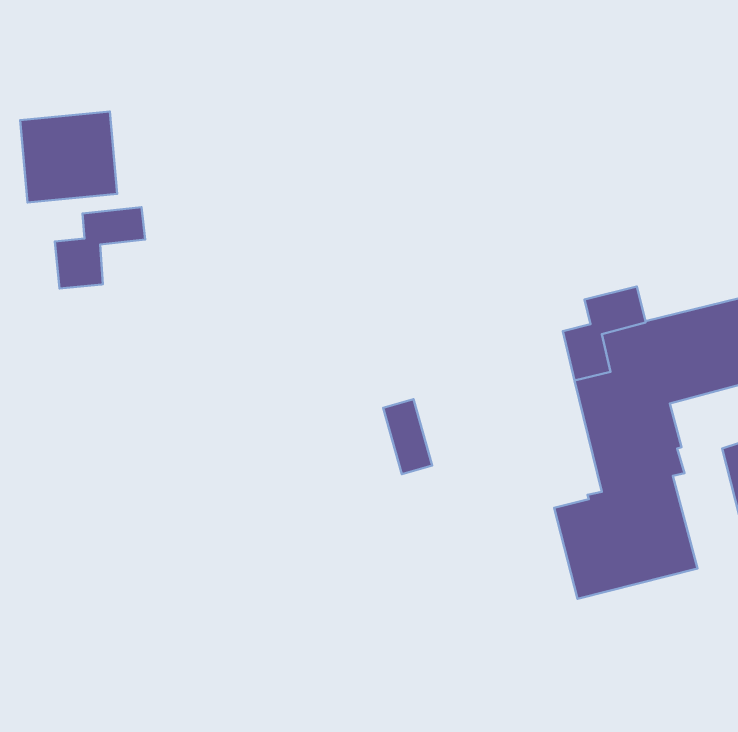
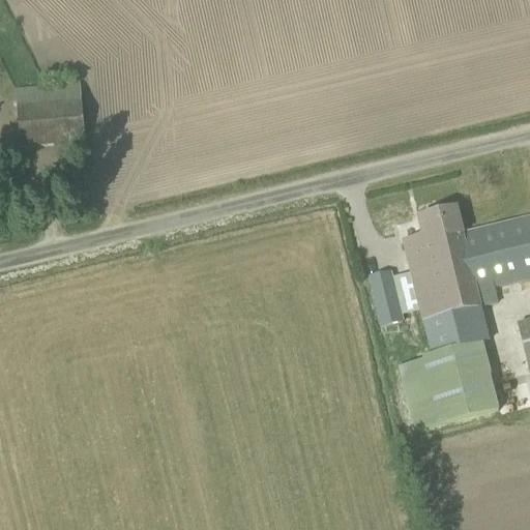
building: [55,207,145,289] -> none
building: [383,399,432,474] -> [372,270,407,324]

